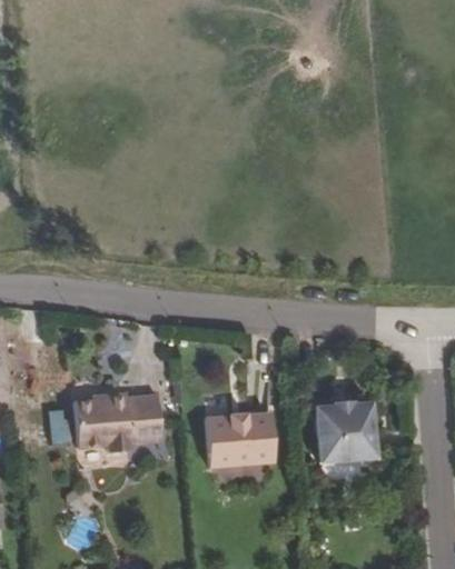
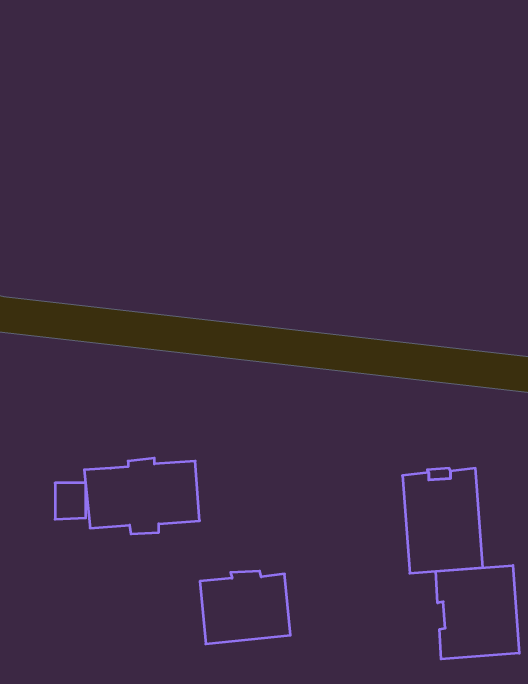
building: [207,411,276,467] -> [200,571,290,644]
building: none -> [436,565,519,659]

